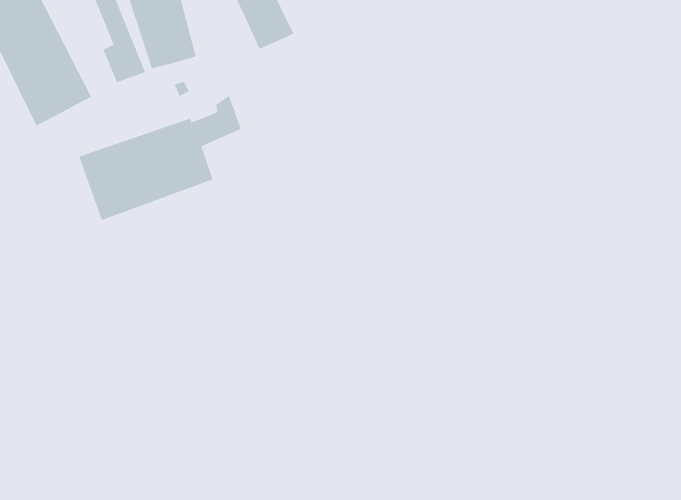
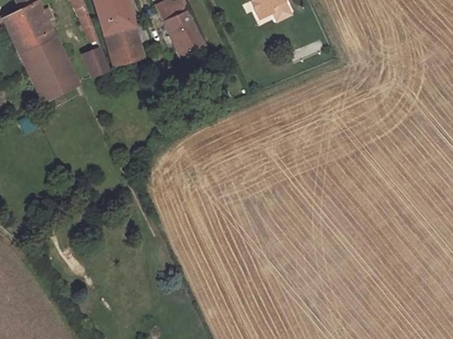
building: [78,95,242,221] -> none

